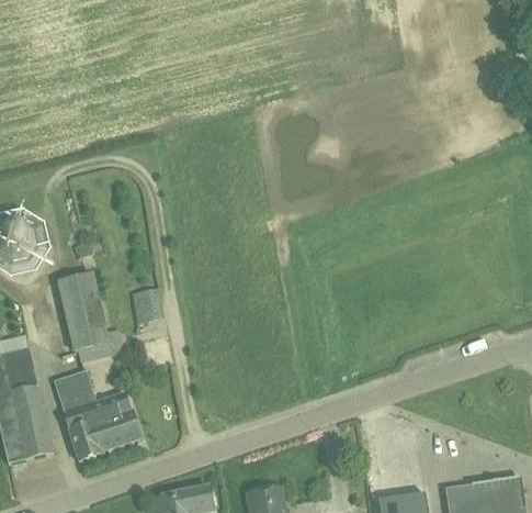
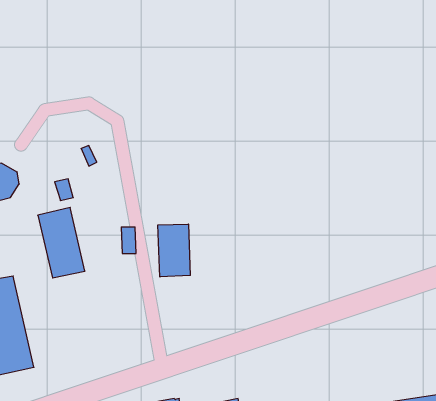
building: none -> [158,224,190,277]
building: [54,370,140,459] -> none

